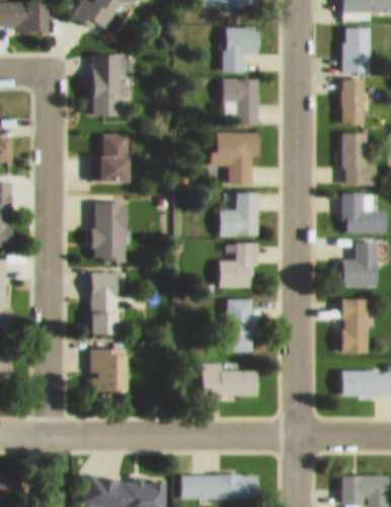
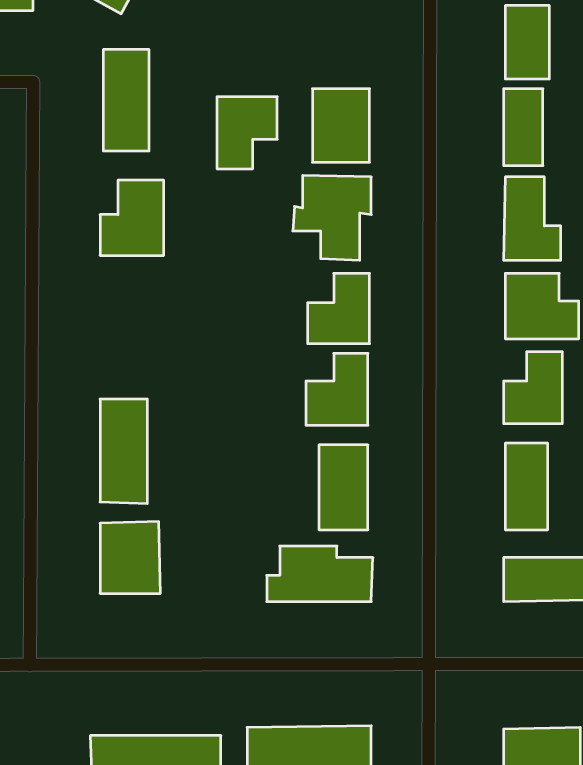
building: [222,27,259,72] -> [217,97,277,169]
building: [92,202,127,261] -> none

